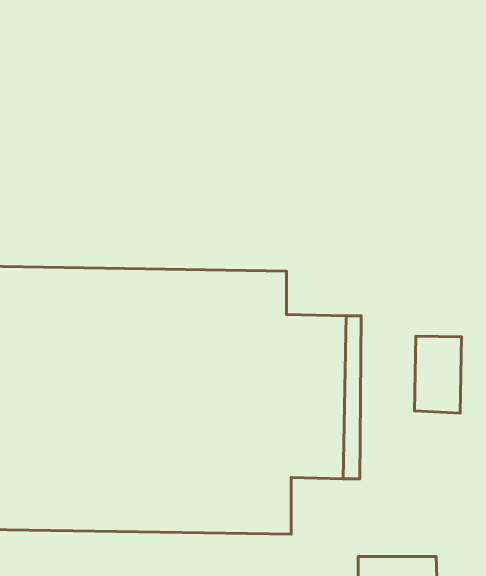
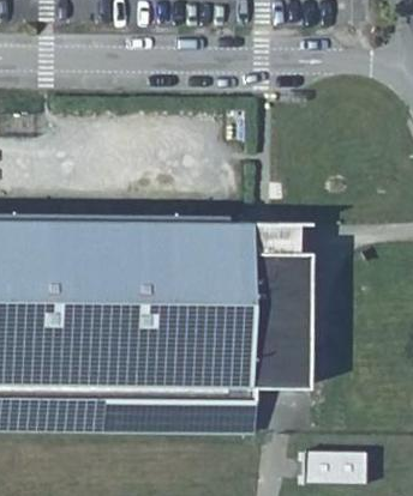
building: none -> [250,222,298,258]
building: [415,336,462,413] -> none

